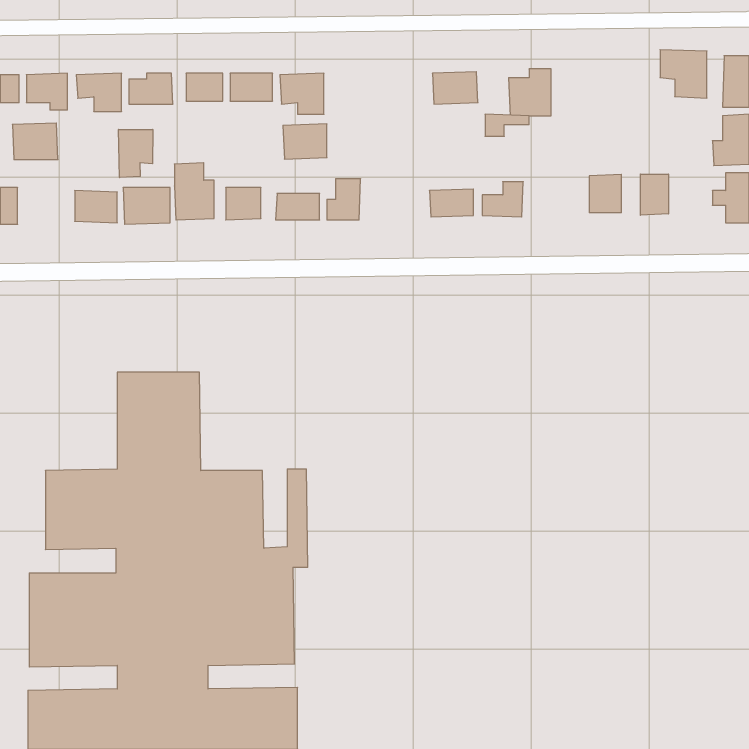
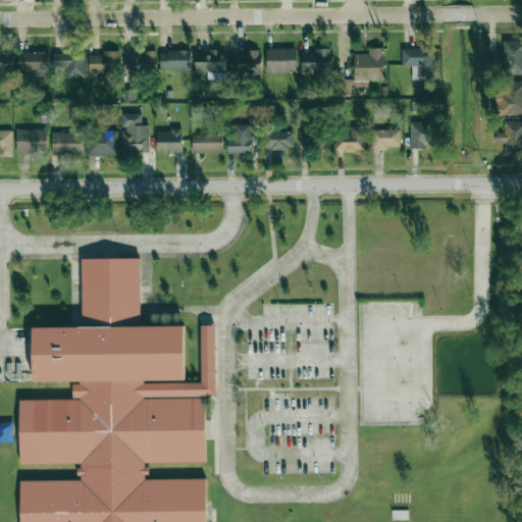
building: [660,50,707,98] -> [402,47,434,81]
building: none -> [266,48,296,73]
building: [12,123,58,160] -> [16,128,48,154]
building: [283,124,327,159] -> [230,51,261,75]
building: [119,129,153,178] -> none
building: [640,174,668,215] -> none
building: none -> [371,129,401,149]
building: none -> [263,132,294,149]

